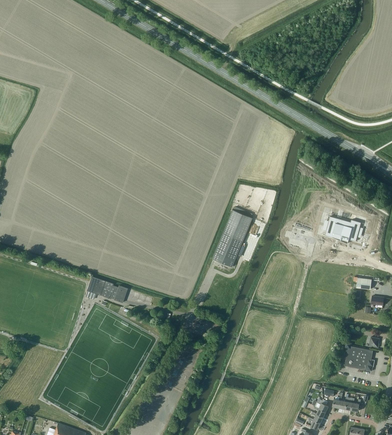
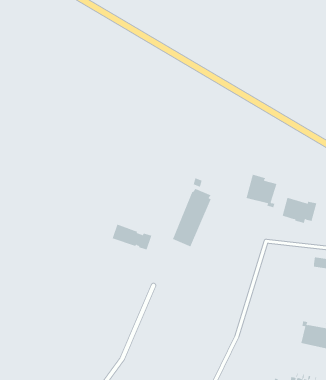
building: none -> [246,174,277,208]
building: [87,276,128,303] -> [112,224,152,250]

